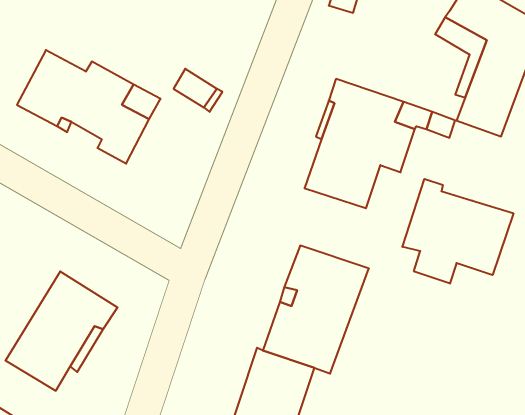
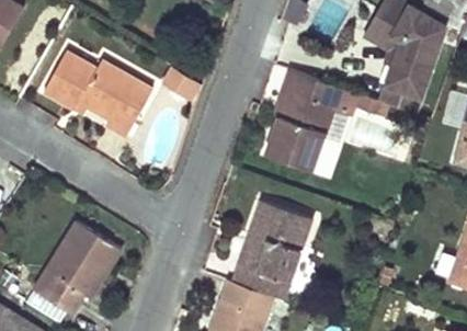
building: [402,179,513,284] -> none

